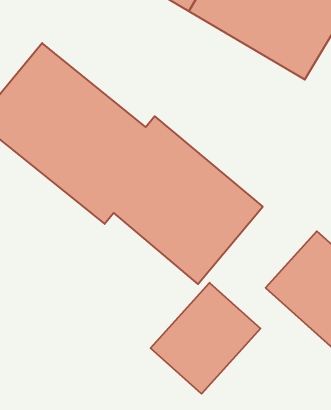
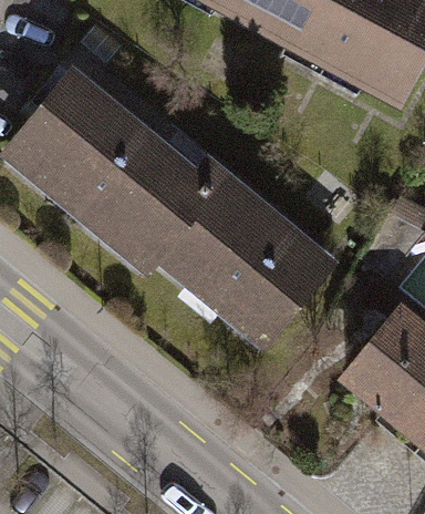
building: [151,283,260,394] -> none

